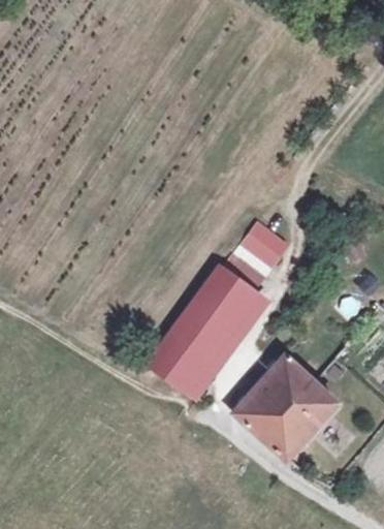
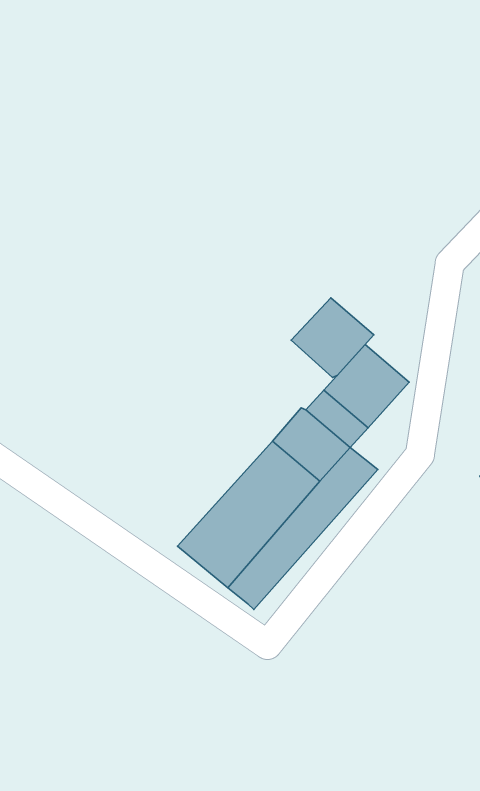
building: none -> [291,298,374,377]
building: [232,353,333,458] -> none

